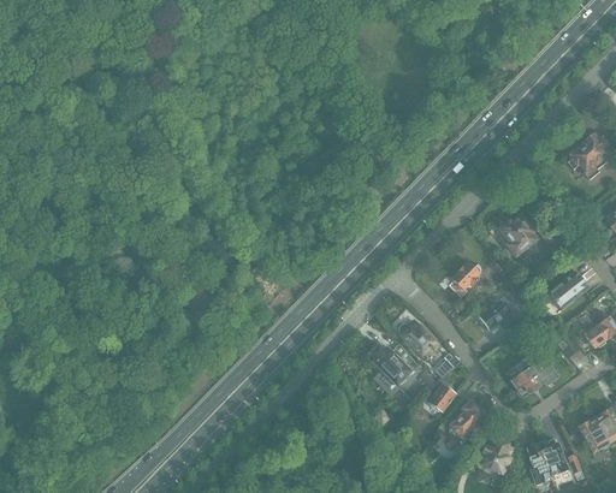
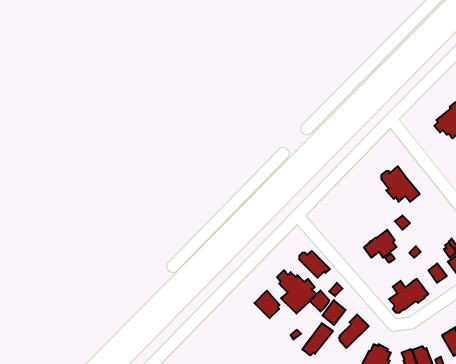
building: [448,260,482,297] -> none
building: [546,269,588,309] -> none
building: none -> [254,291,280,318]
building: none -> [302,323,333,355]

